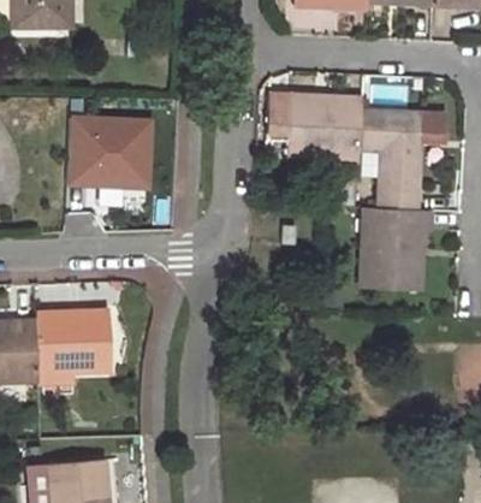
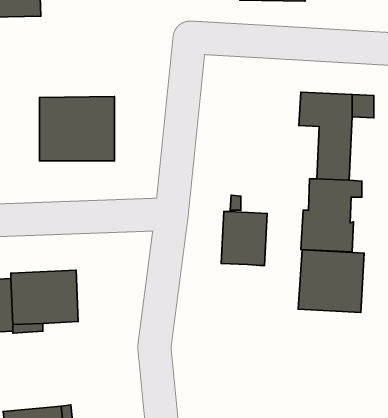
building: [267,95,362,155] -> none
building: none -> [221,211,267,265]
building: none -> [298,250,364,313]

